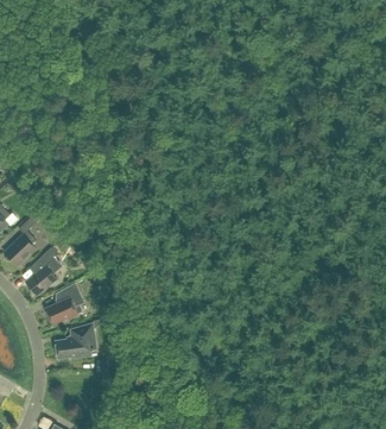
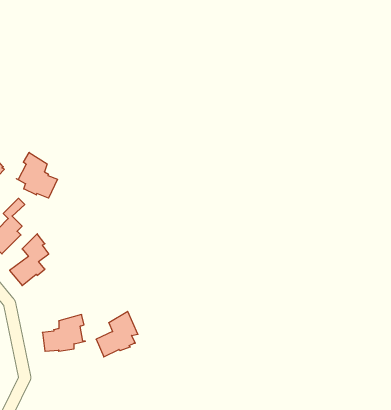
building: none -> [16,152,58,198]
building: [46,282,86,324] -> [96,311,138,357]

